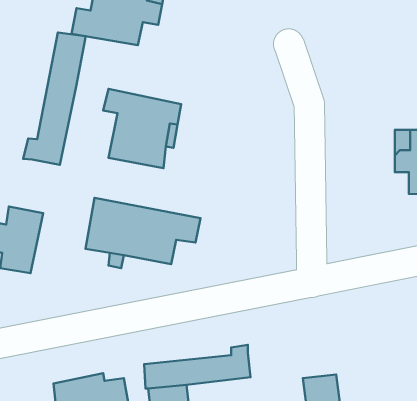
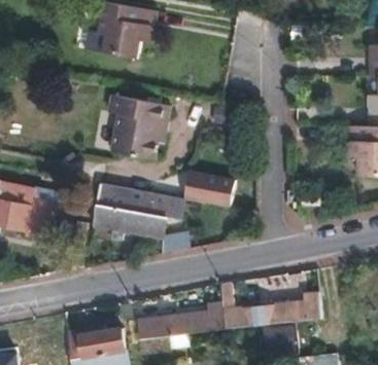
building: [23,32,86,165] -> none
building: none -> [186,172,237,207]
building: none -> [224,288,321,326]

